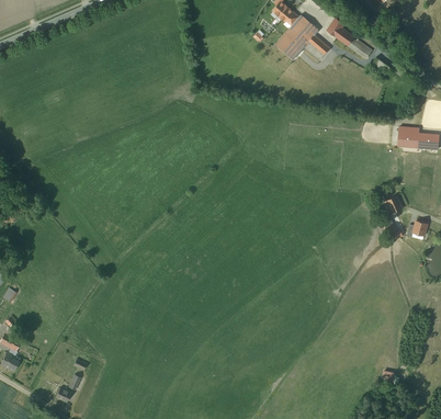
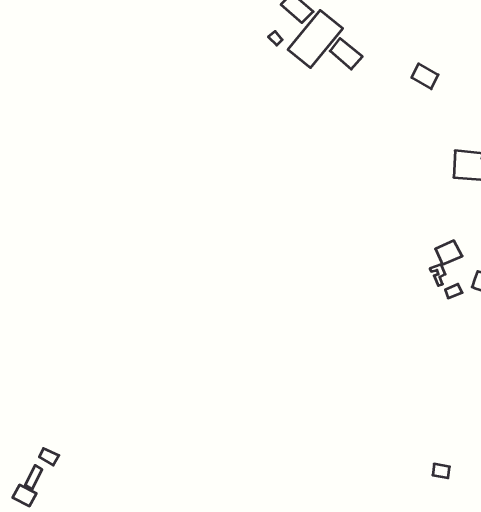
building: [327,30,370,63] -> none

